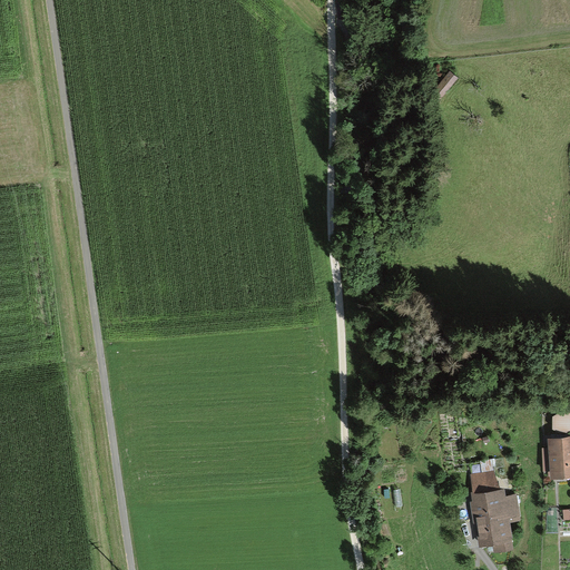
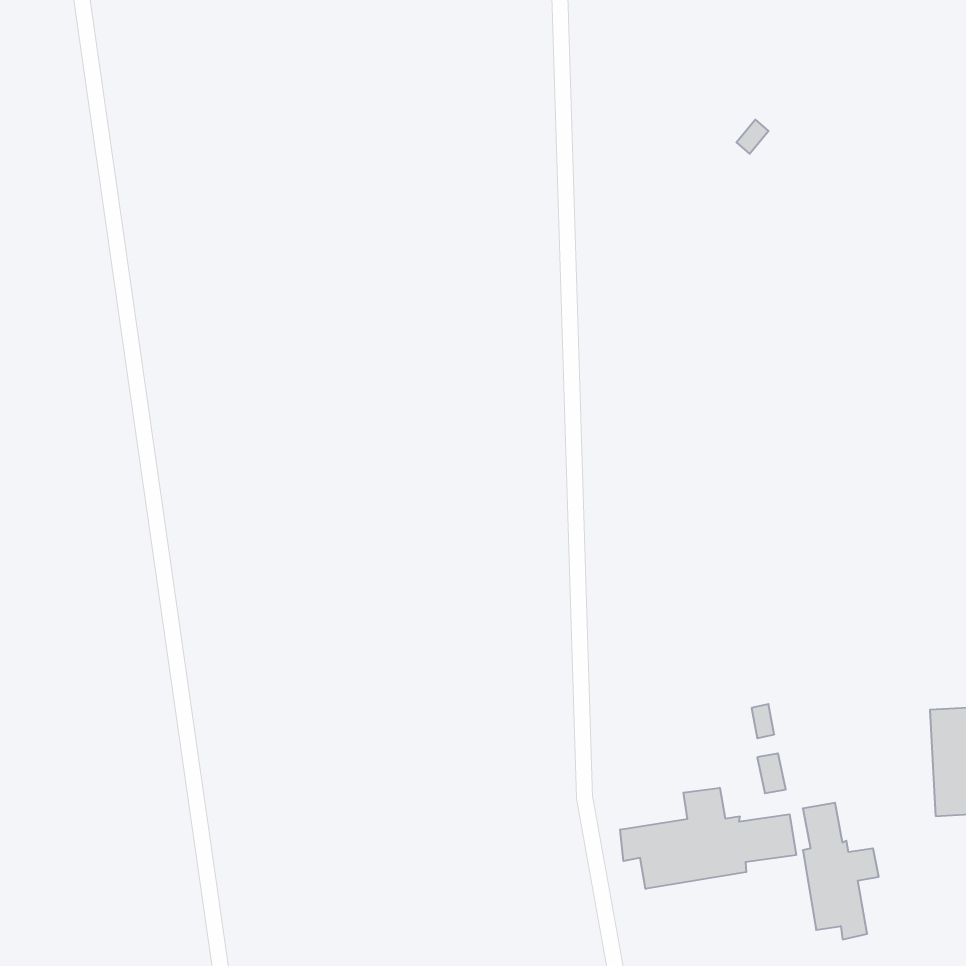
building: none -> [620,788,796,889]

